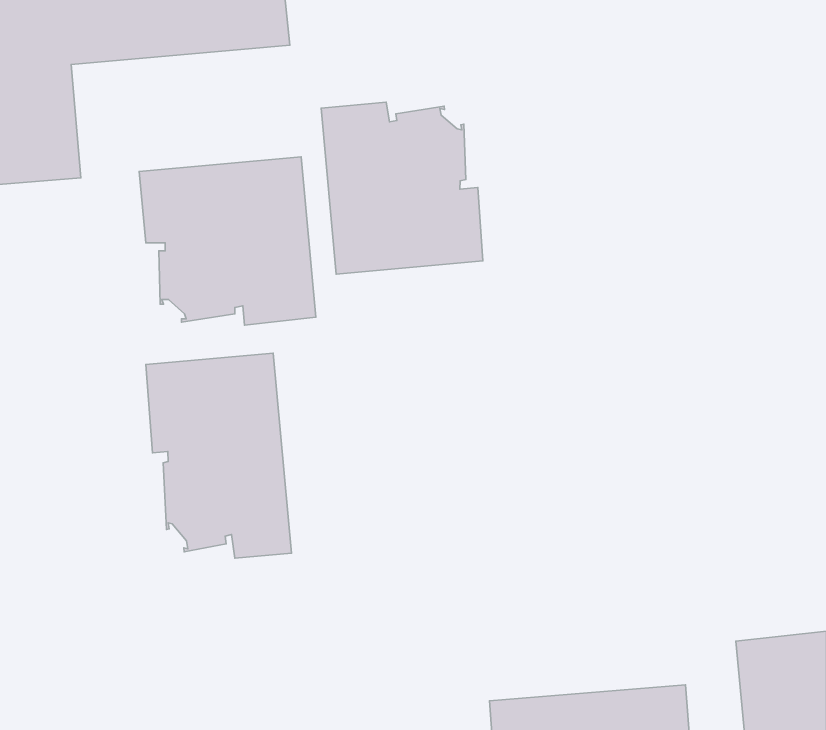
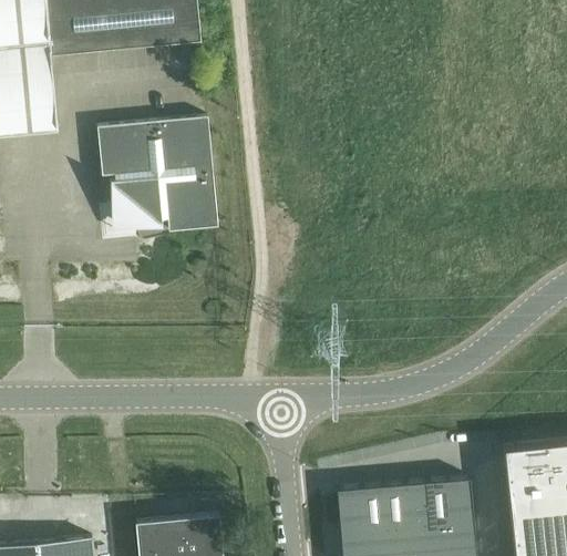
building: [321,102,483,274] -> none
building: [146,353,292,558] -> none

